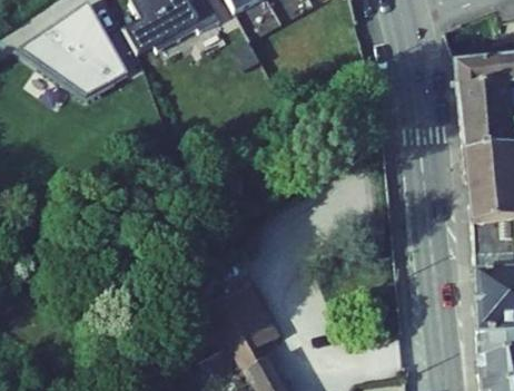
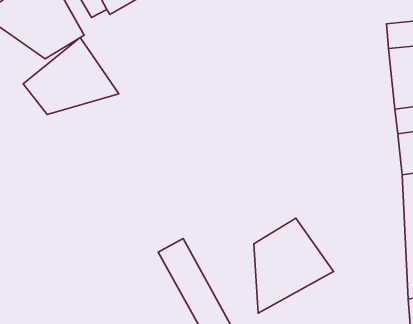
building: none -> [23,38,119,114]
building: none -> [254,218,334,313]

